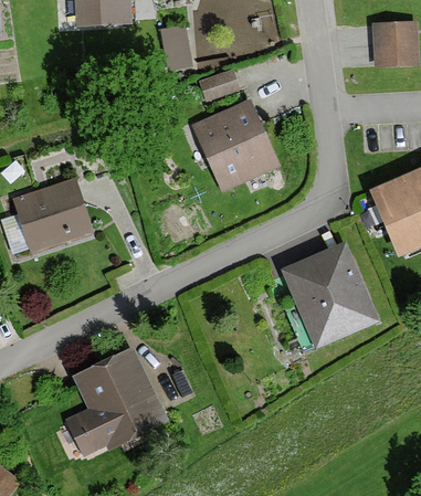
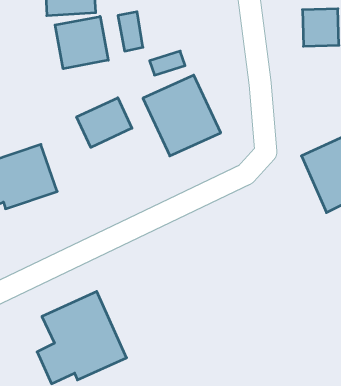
building: none -> [55,16,108,69]
building: none -> [77,98,132,147]
building: [284,243,381,348] -> none

